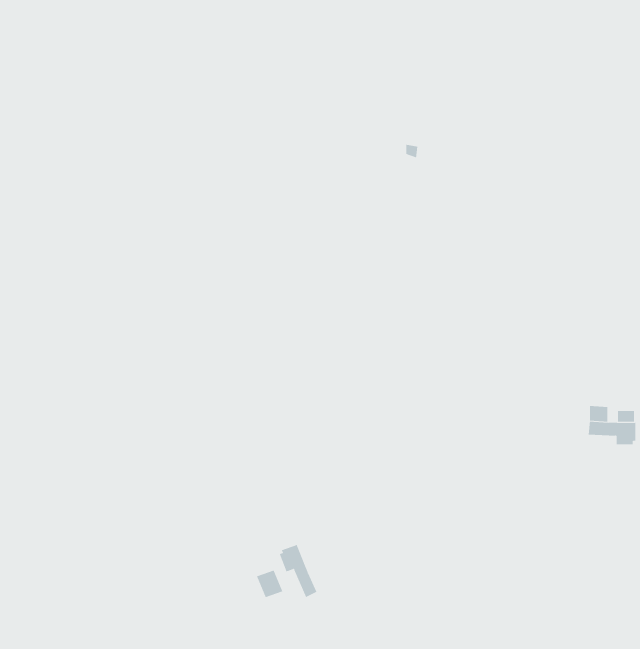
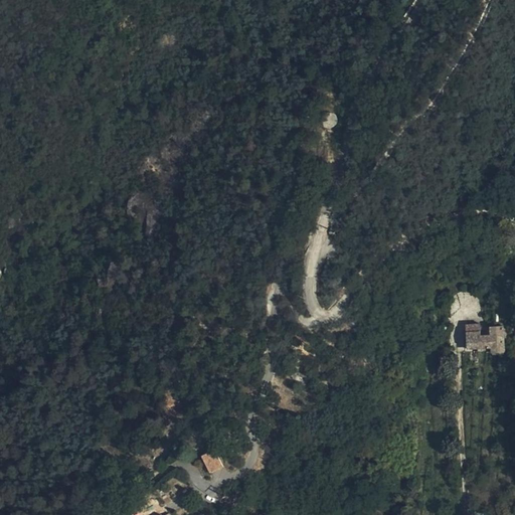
building: [279,544,317,598] -> none

